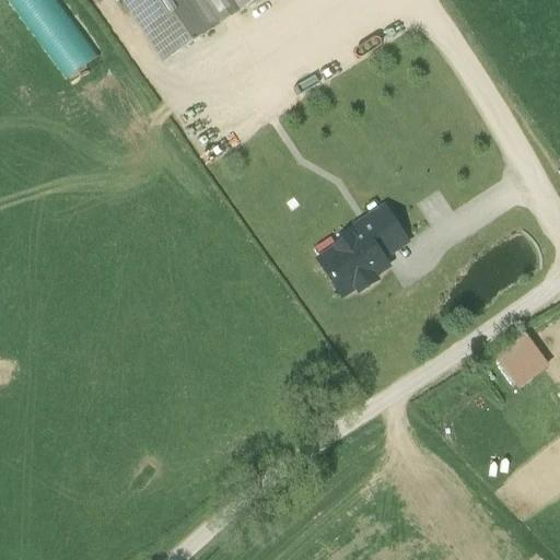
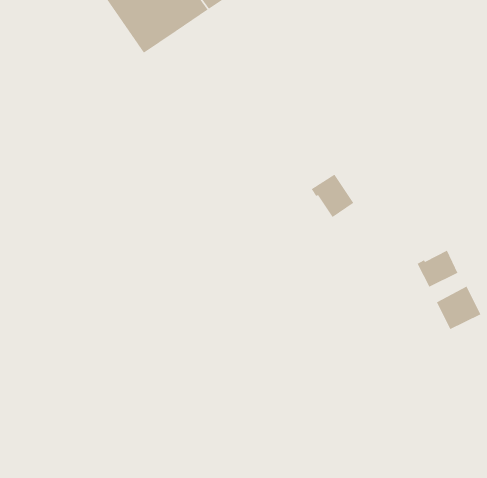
building: [320,224,385,287] -> none
building: none -> [417,250,458,288]

